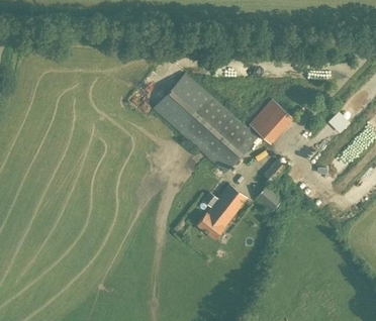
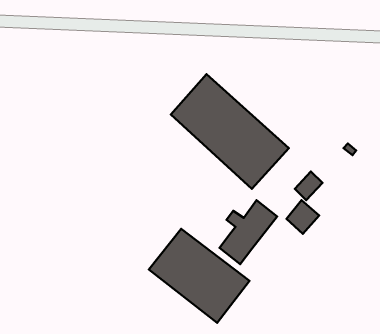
building: [250,99,292,142] -> none
building: none -> [149,229,249,323]

